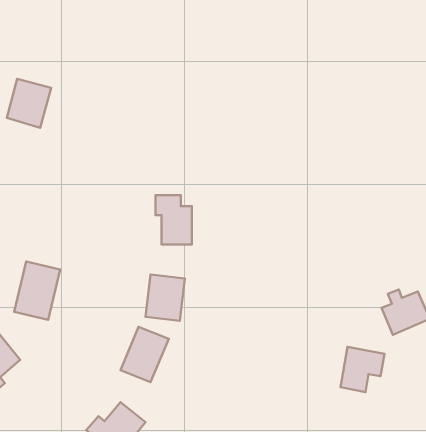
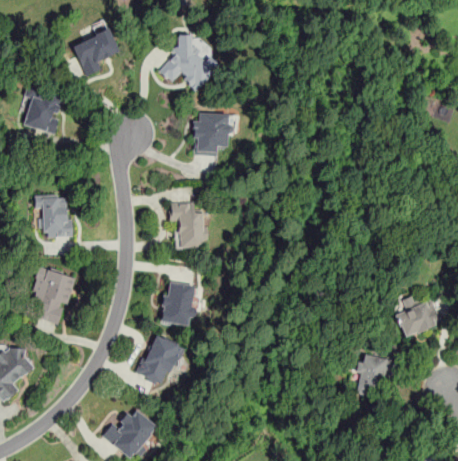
building: none -> [72,27,120,76]
building: none -> [156,36,221,90]
building: none -> [193,112,232,156]
building: none -> [35,193,72,238]

